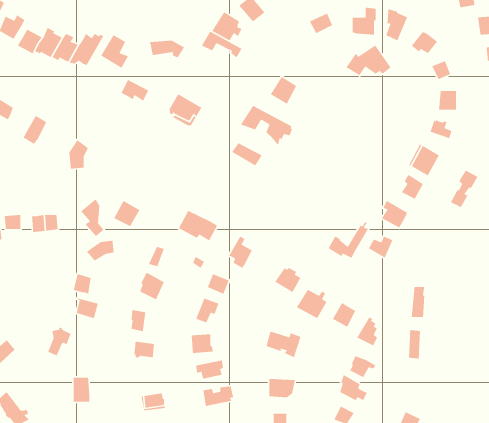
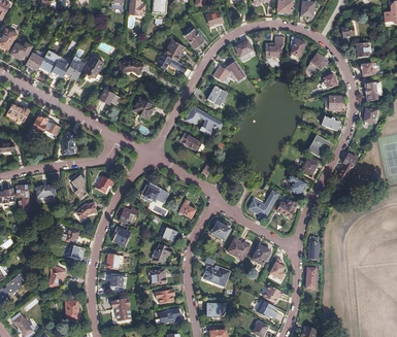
building: [345,44,391,76] -> [212,60,245,82]

